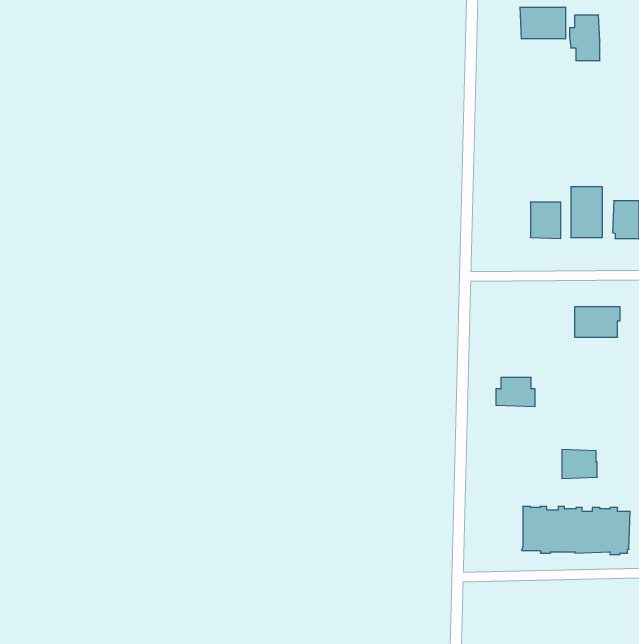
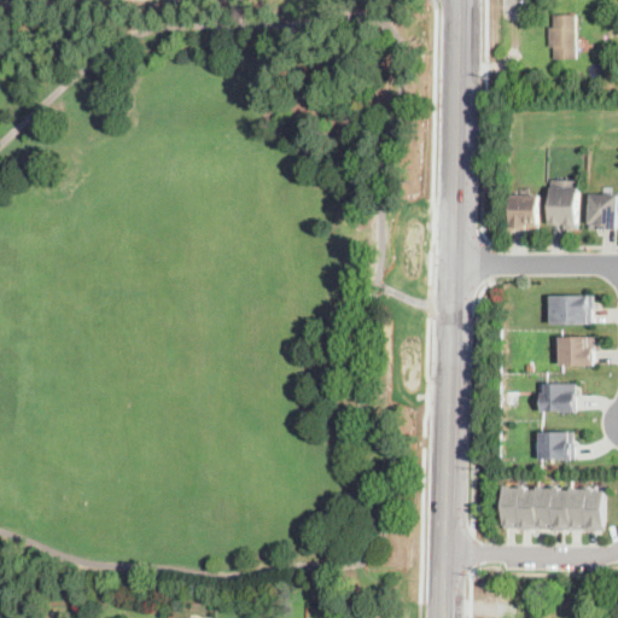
building: [520,7,565,39] -> none
building: none -> [558,336,593,365]
building: [496,378,535,407] -> [538,383,576,410]

